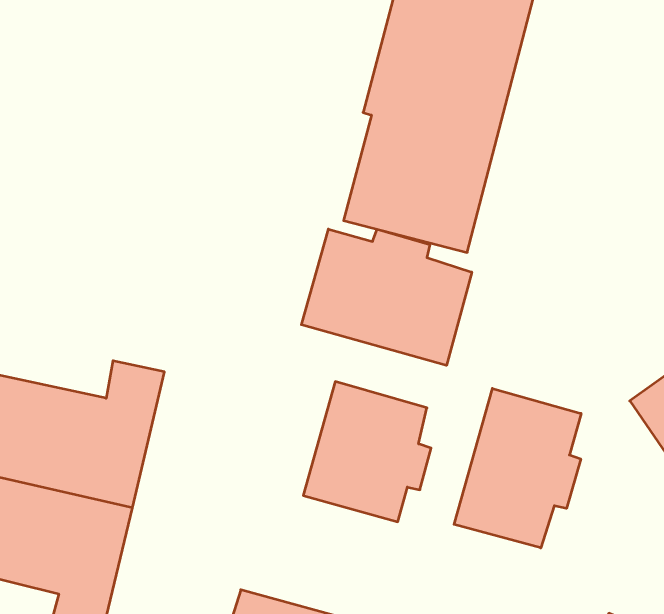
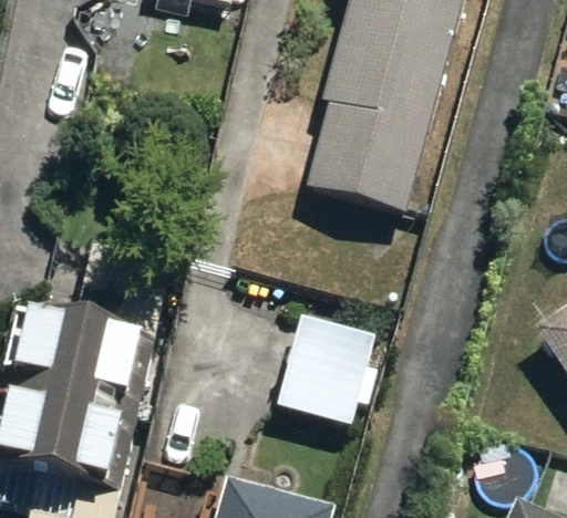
building: [301,229,472,365] -> none
building: [454,388,581,548] -> none

